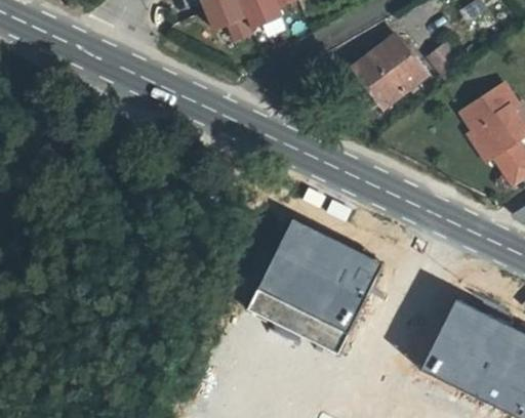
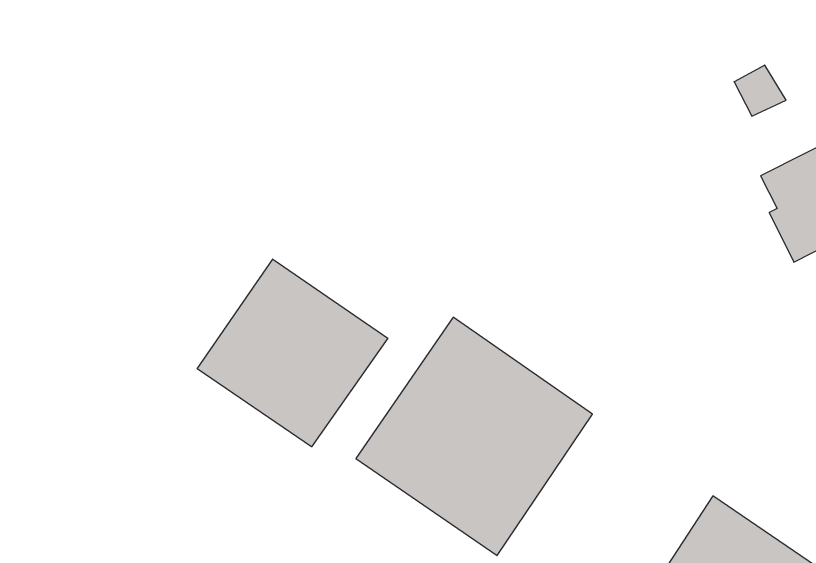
building: [354,34,427,104] -> none
building: none -> [197,259,388,447]

